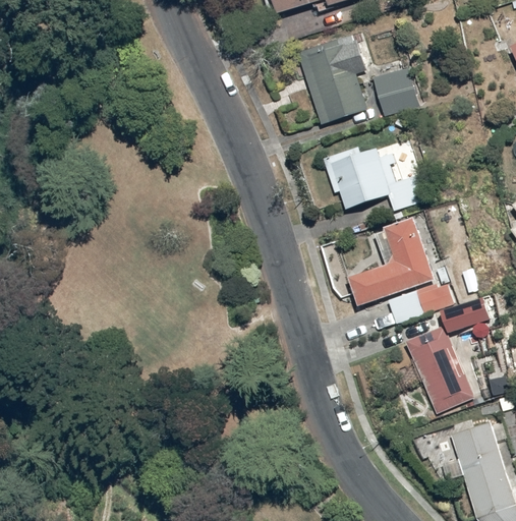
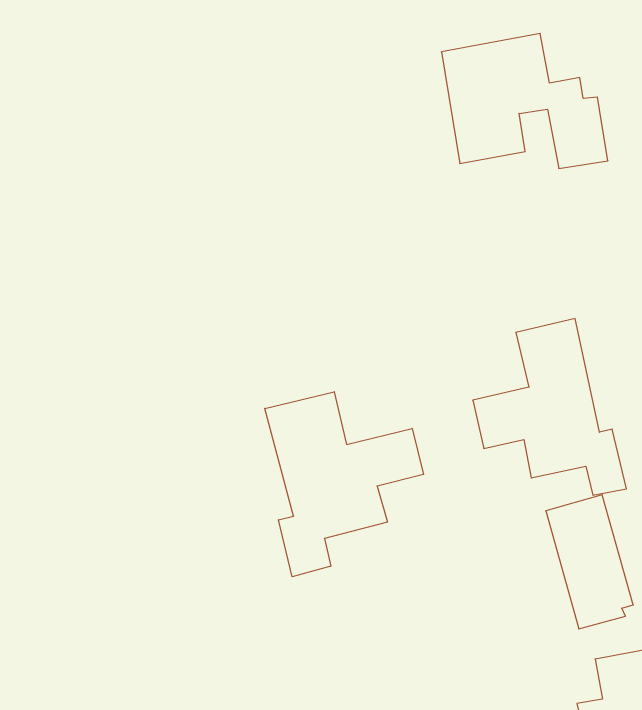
building: [323,146,427,209] -> none
building: none -> [265,392,424,577]

